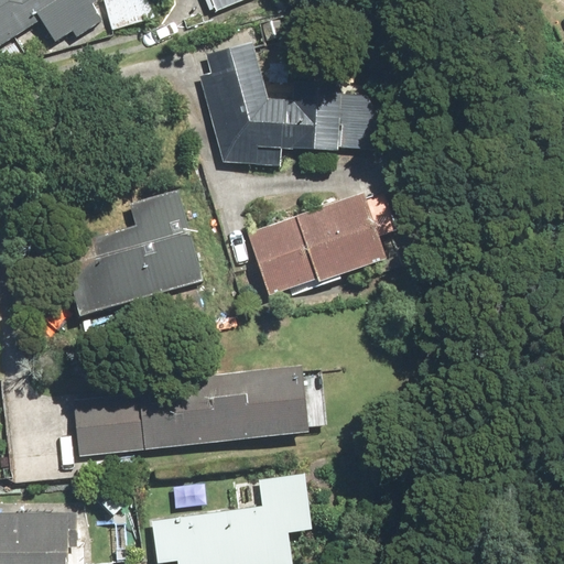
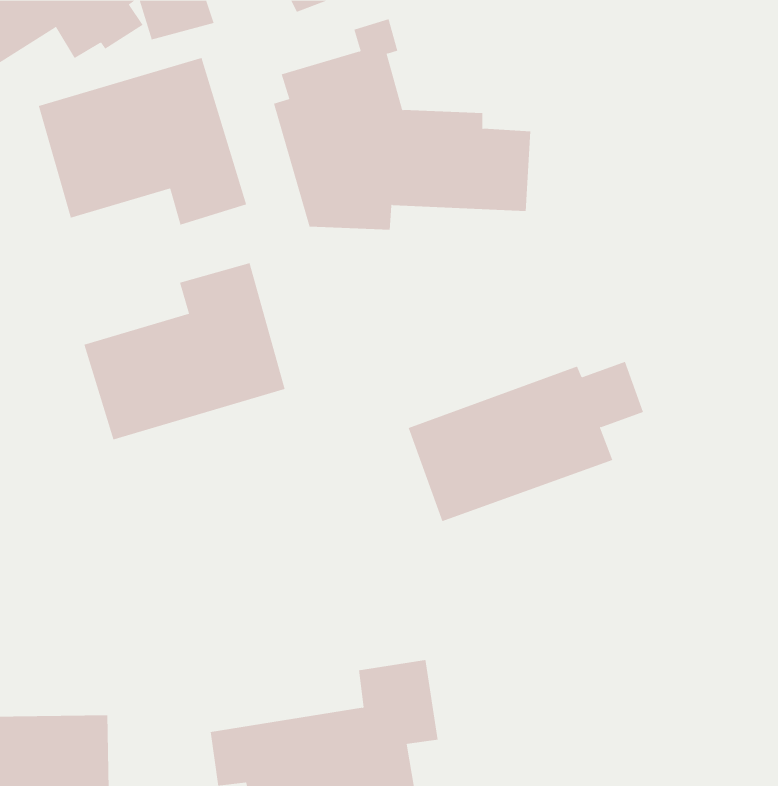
building: none -> [38,57,247,226]
building: [245,186,413,301] -> [408,361,644,522]
building: [69,366,312,457] -> none

